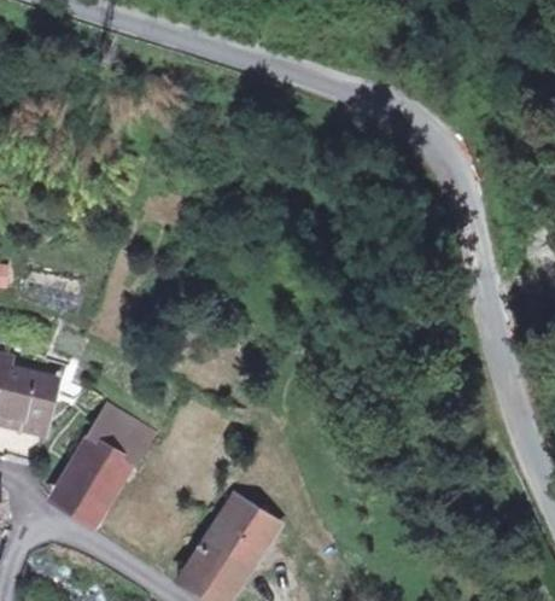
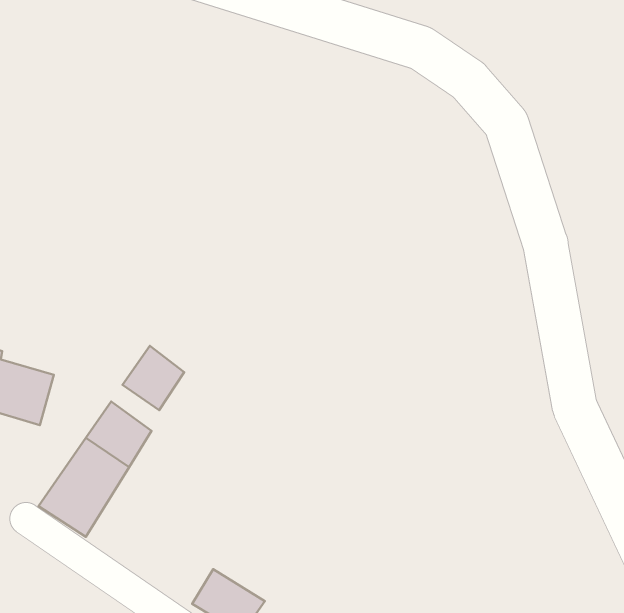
building: none -> [122,346,184,410]
building: [198,495,280,579] -> none

